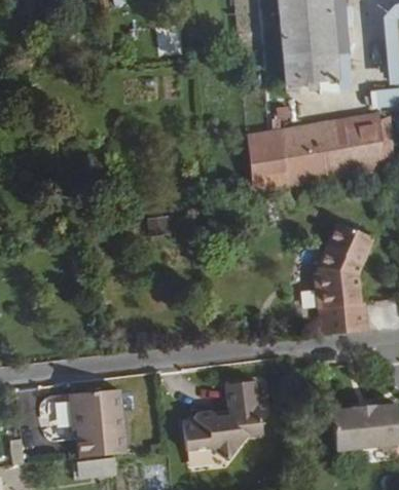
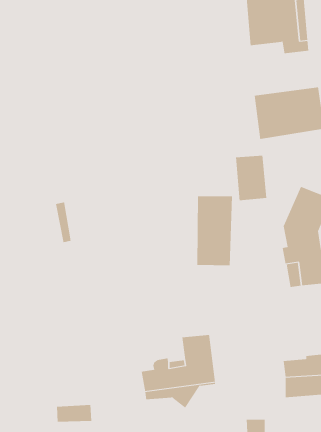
building: [256,129,290,178] -> [235,155,267,201]
building: none -> [197,195,233,266]
building: [60,389,119,459] -> none

